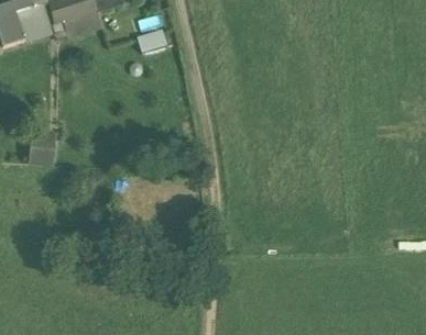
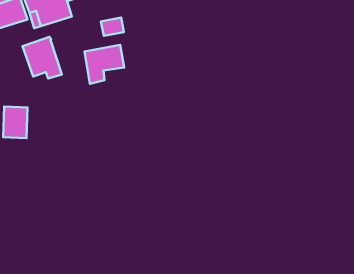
building: none -> [22,37,62,79]
building: none -> [84,45,124,84]

